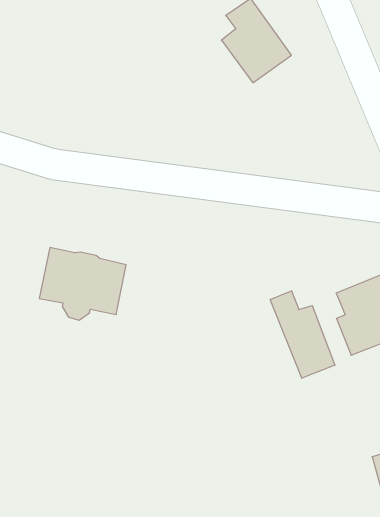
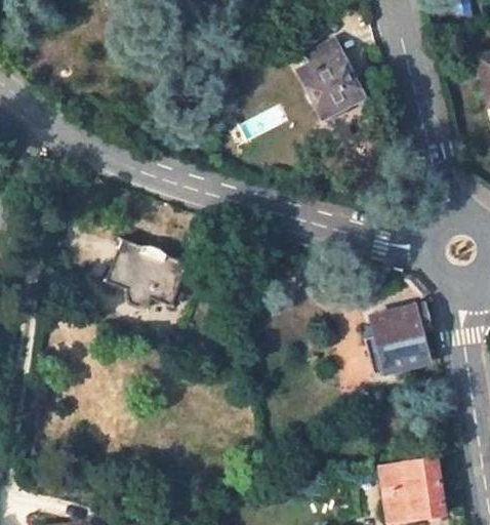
building: [270,291,335,378] -> none

